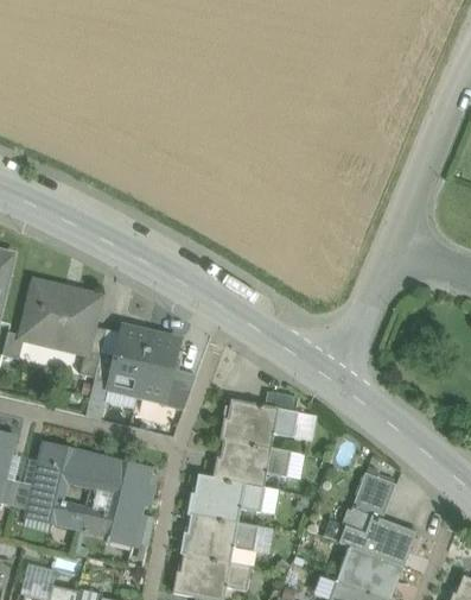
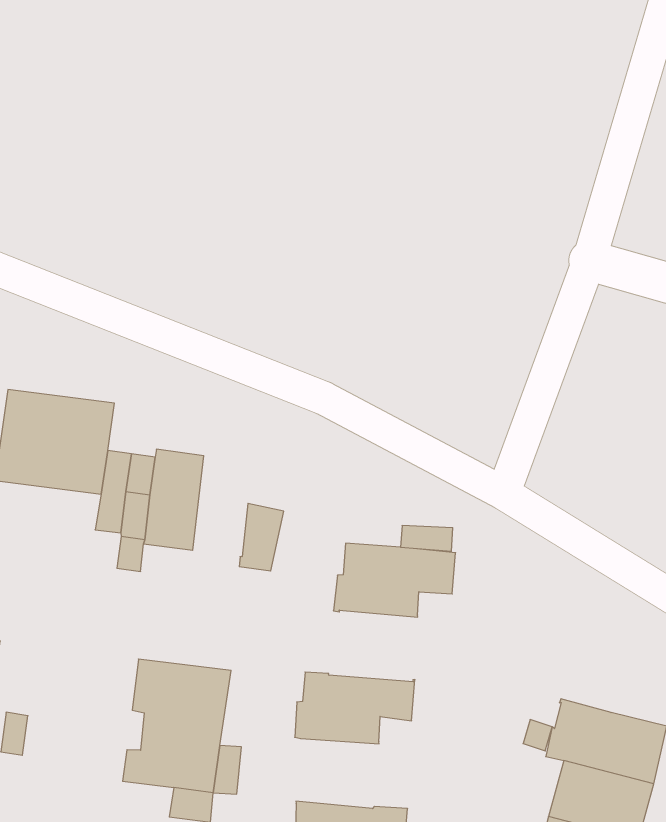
building: [138,335,180,399] -> none
building: [212,438,289,487] -> none
building: [26,442,97,529] -> none
building: [352,472,395,519] -> none
building: [180,514,257,564] -> none

